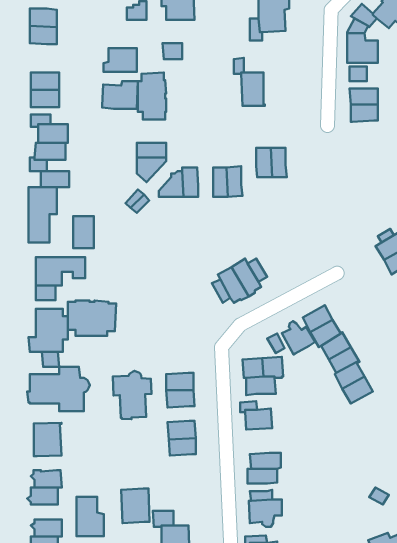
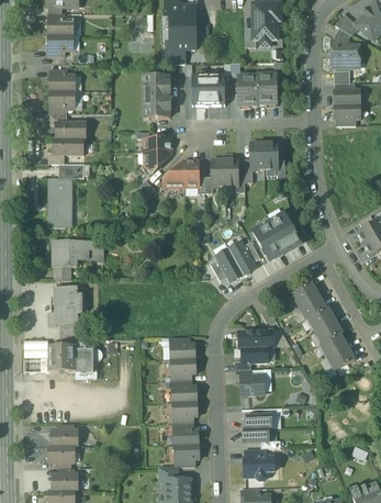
building: [104,48,137,72] -> [166,27,195,48]
building: none -> [191,74,225,104]
building: none -> [256,74,277,103]
building: [102,81,138,109] -> none
building: [73,216,94,248] -> none
building: none -> [253,212,300,259]
building: [68,300,116,336] -> none
building: [282,321,315,354] -> none
building: [113,371,152,419] -> none
building: [34,423,61,456] -> none
building: [121,489,150,523] -> [173,428,199,459]
building: [76,497,104,536] -> none

